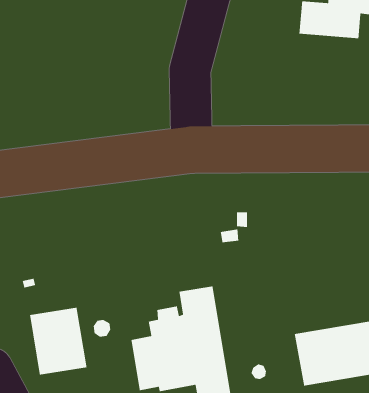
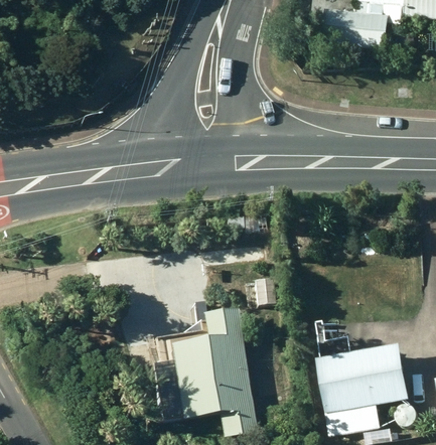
building: [29,307,87,375] -> none

